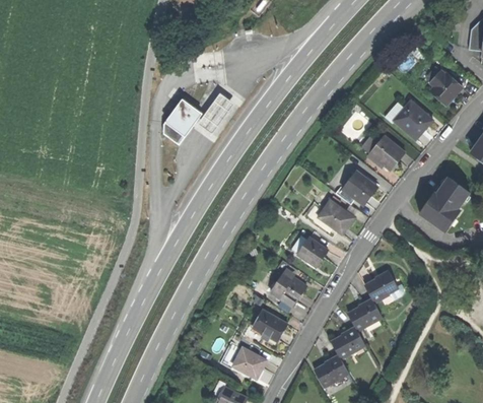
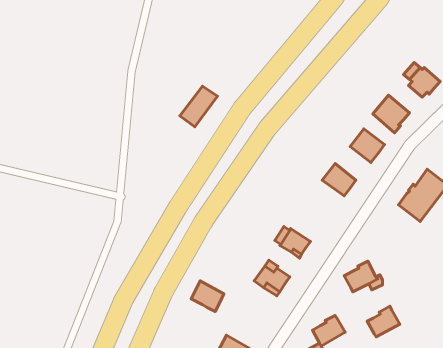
building: [161,99,196,144] -> none
building: [318,201,354,234] -> none
building: [347,298,381,330] -> [367,306,400,337]
building: [256,311,289,342] -> [191,281,224,312]

